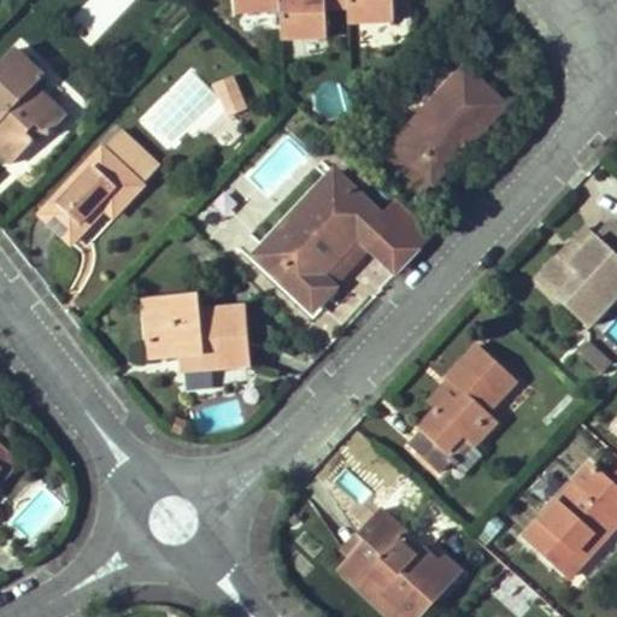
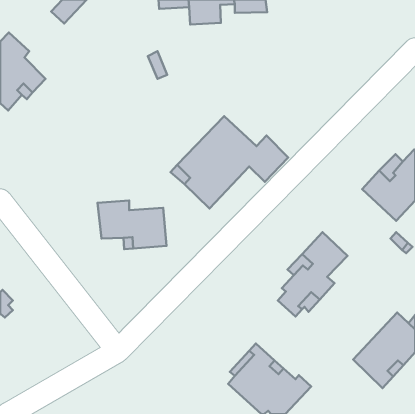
building: [377,67,505,199] -> none
building: [137,69,223,152] -> none
building: [40,129,160,245] -> none

